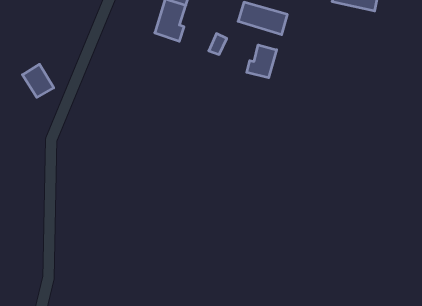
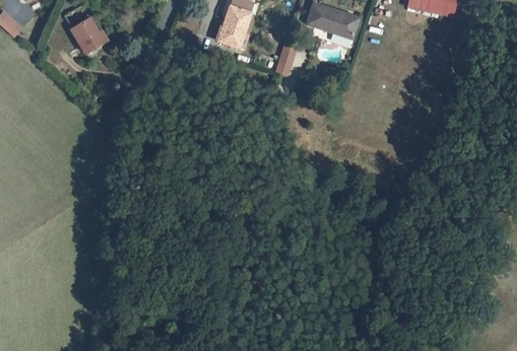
building: [247,45,277,78] -> none
building: [22,64,54,97] -> [77,17,111,53]

